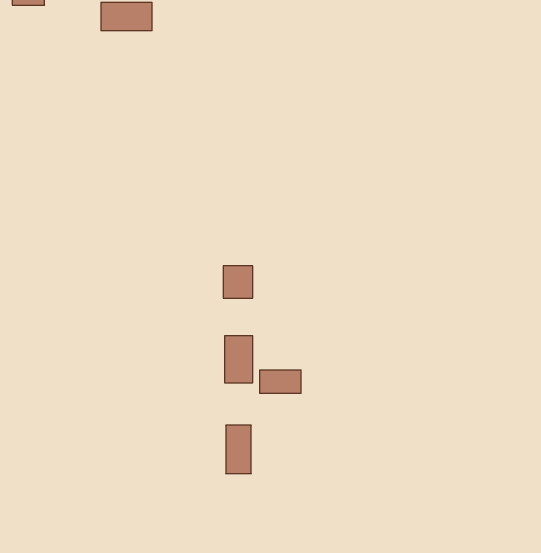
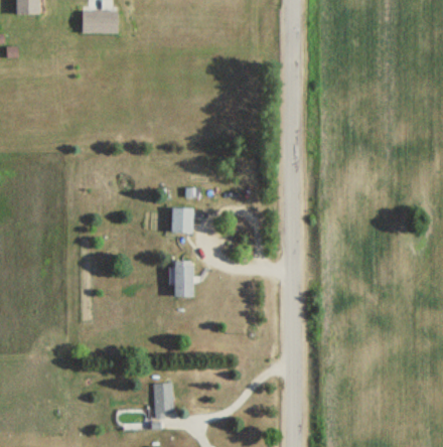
building: [260,370,301,393] -> none
building: [226,425,251,474] -> [155,382,174,418]

